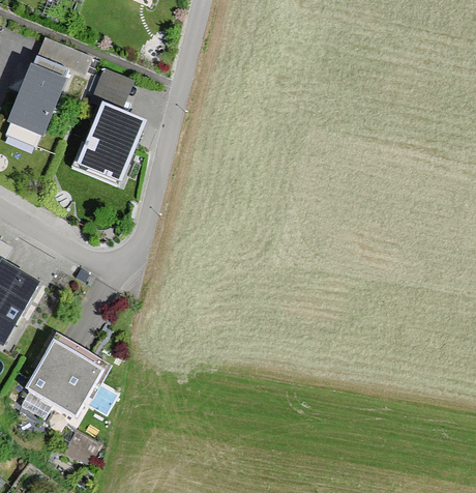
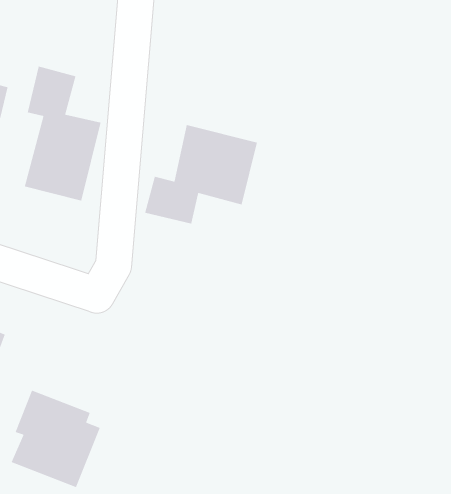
building: none -> [144,124,258,225]

